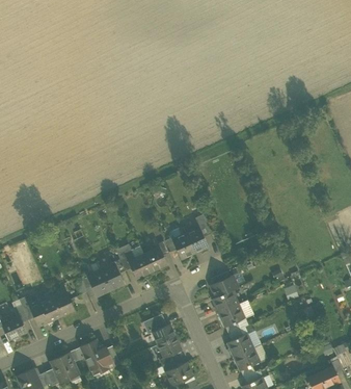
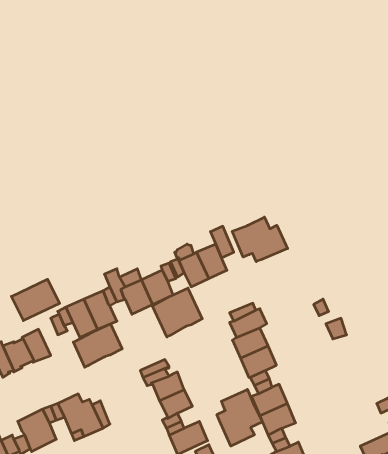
building: none -> [232,217,288,262]
building: none -> [11,279,60,321]
building: none -> [153,288,202,337]
building: none -> [73,324,122,367]
building: none -> [217,389,262,446]

